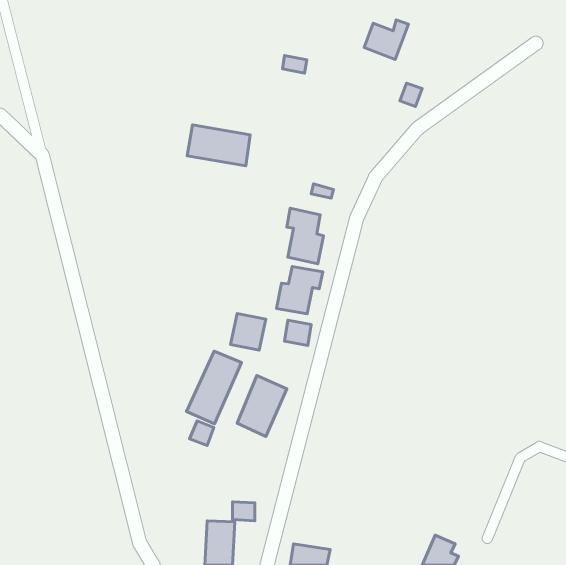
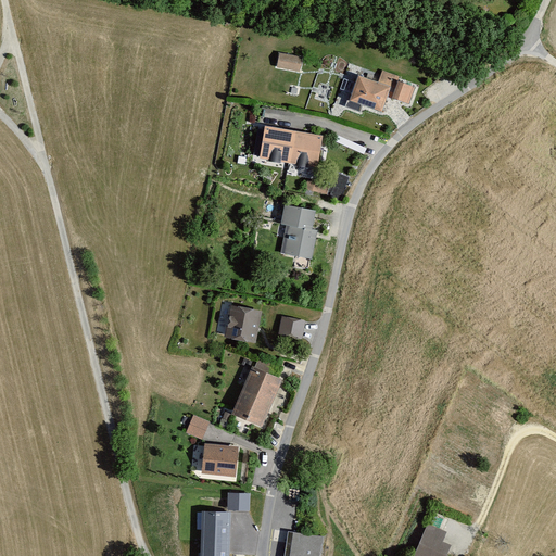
building: [364,20,409,60] -> [351,73,394,112]
building: [187,125,250,166] -> [260,127,321,167]
building: [277,267,323,314] -> none
building: [187,351,242,424] -> none
building: none -> [201,440,240,476]

